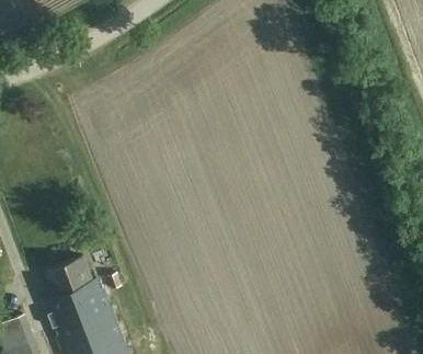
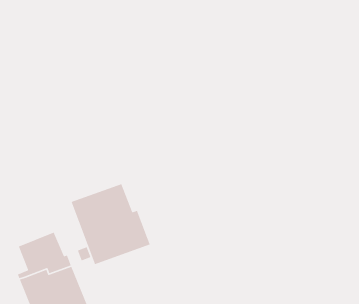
building: none -> [71,183,151,265]

